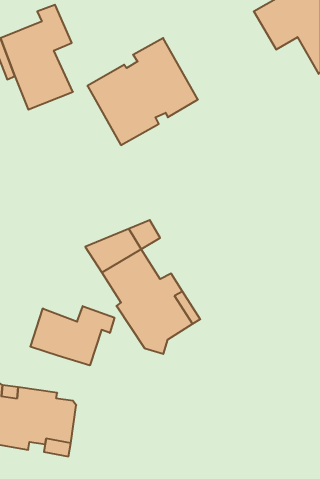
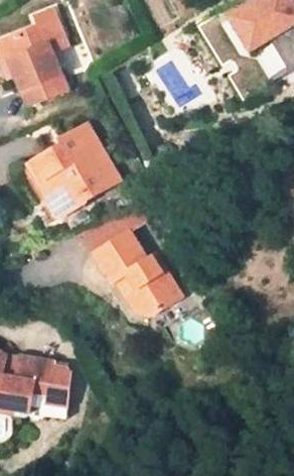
building: [87,38,198,145] -> [20,125,120,222]
building: [30,306,114,365] -> none

